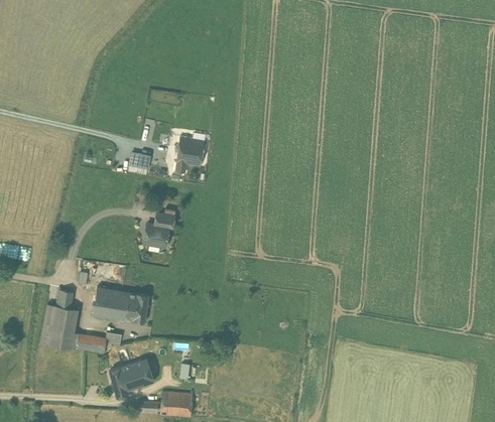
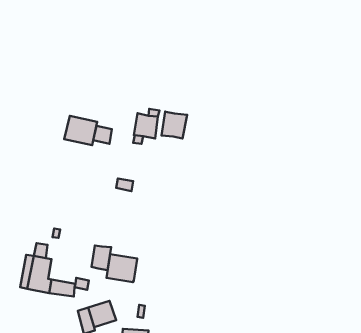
building: none -> [161,112,187,139]
building: none -> [64,116,97,145]
building: [144,224,169,247] -> none
building: [94,287,130,320] -> [107,254,137,282]

